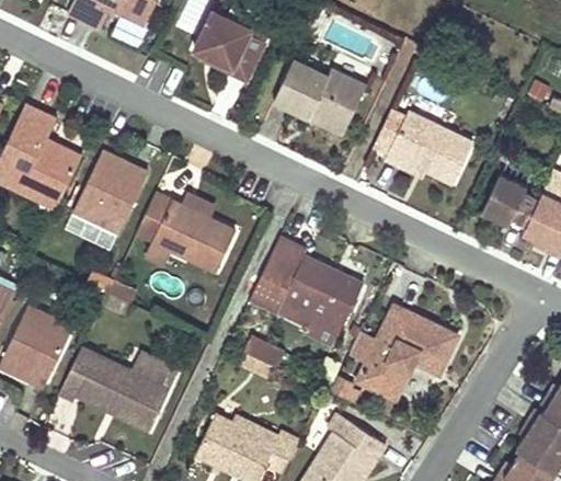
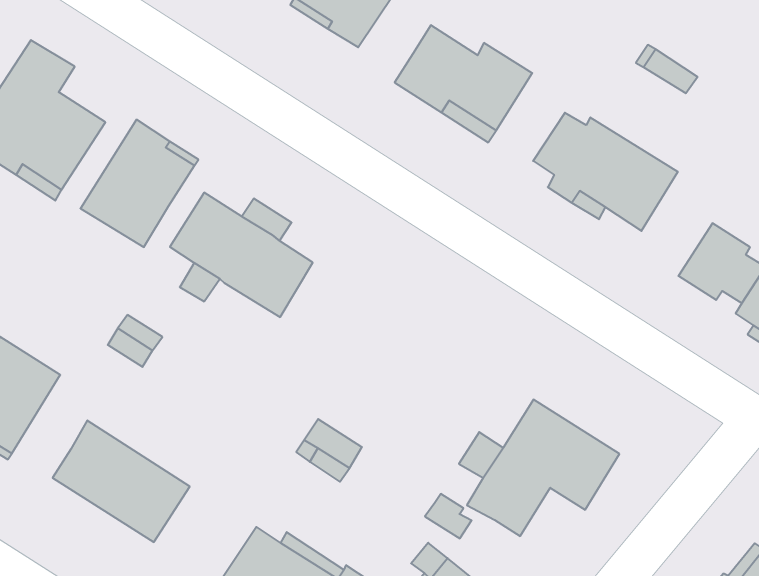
building: [249,238,363,346] -> none
building: [128,352,179,392] -> none

